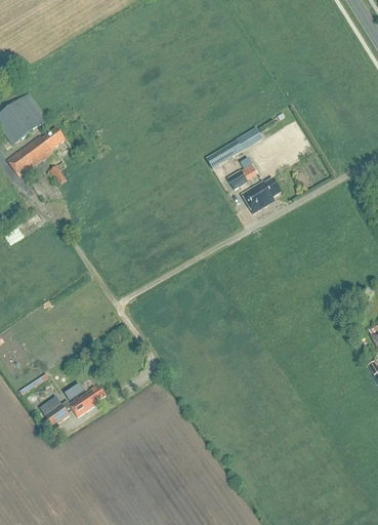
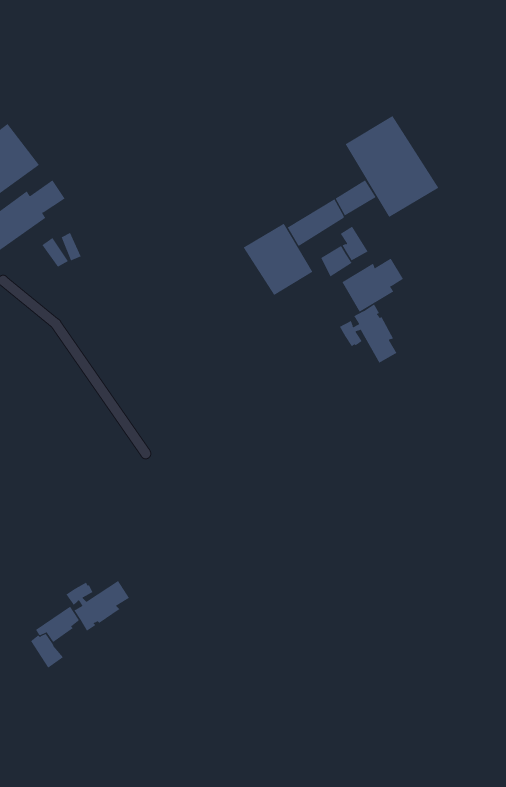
building: none -> [345,115,439,218]
building: none -> [243,223,313,296]
building: none -> [339,303,397,364]

